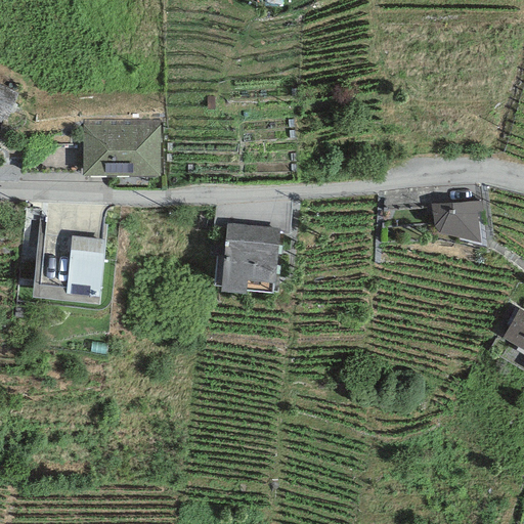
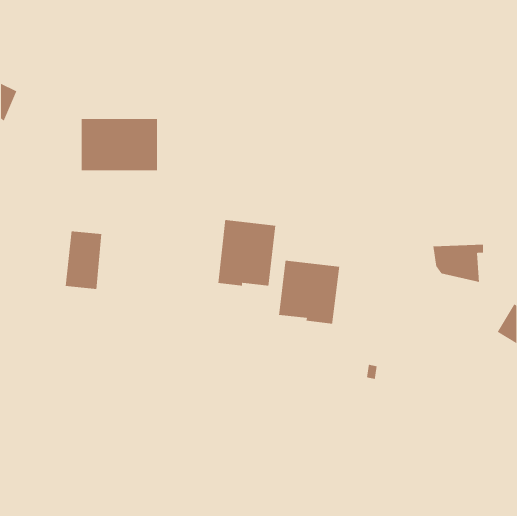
building: [431,202,483,241] -> [432,244,484,283]
building: none -> [279,260,340,324]

